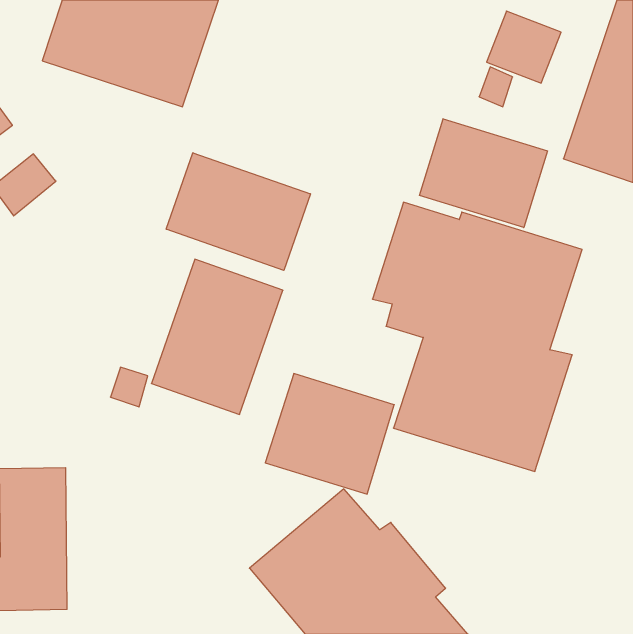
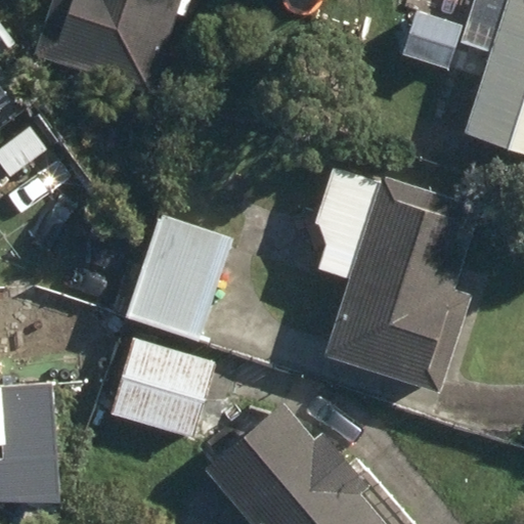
building: [420,119,547,228] -> none
building: [166,153,310,270] -> none
building: [265,374,394,494] -> [110,338,216,437]

